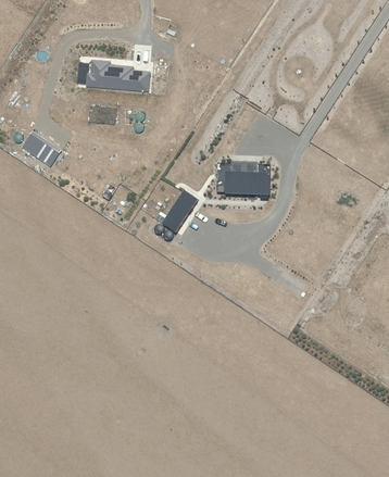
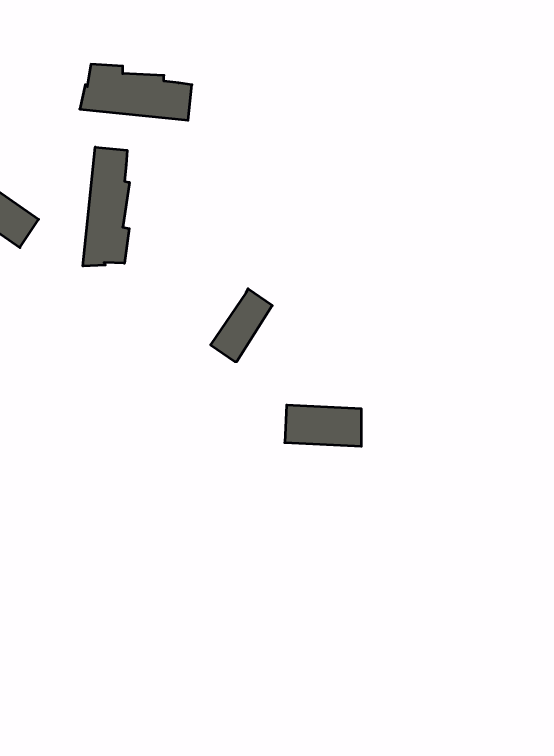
building: none -> [83,147,129,266]
building: [224,171,268,194] -> [285,405,361,446]

